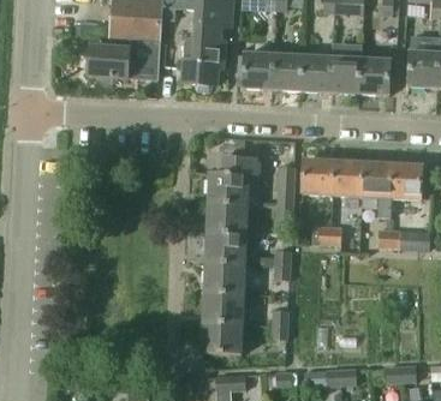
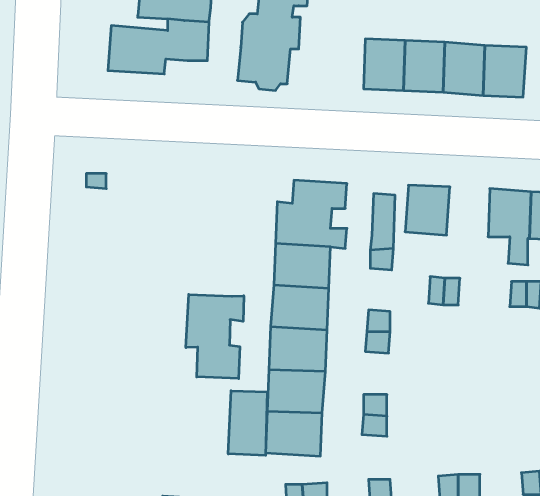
building: [242,52,273,89] -> none
building: [332,160,363,196] -> none
building: none -> [186,294,244,379]
building: none -> [228,391,267,455]

